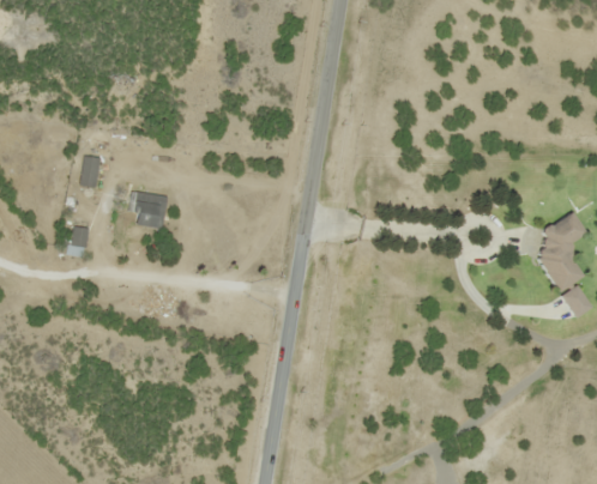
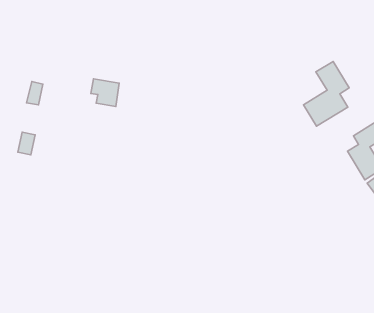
building: none -> [304,61,349,126]
building: [134,192,174,230] -> [91,79,119,107]

